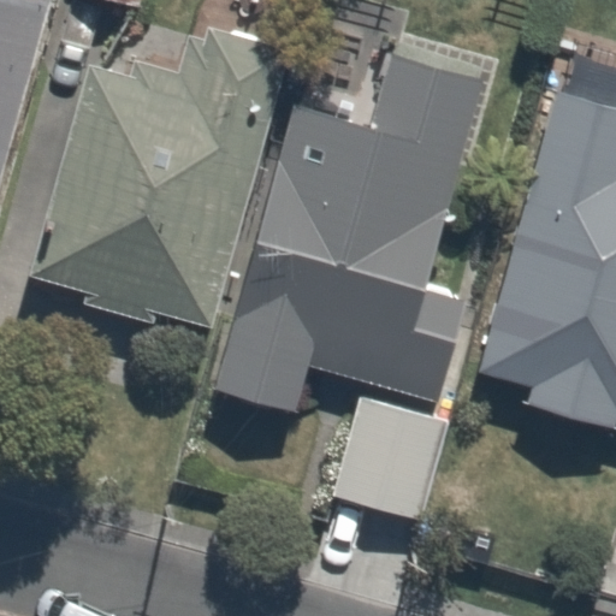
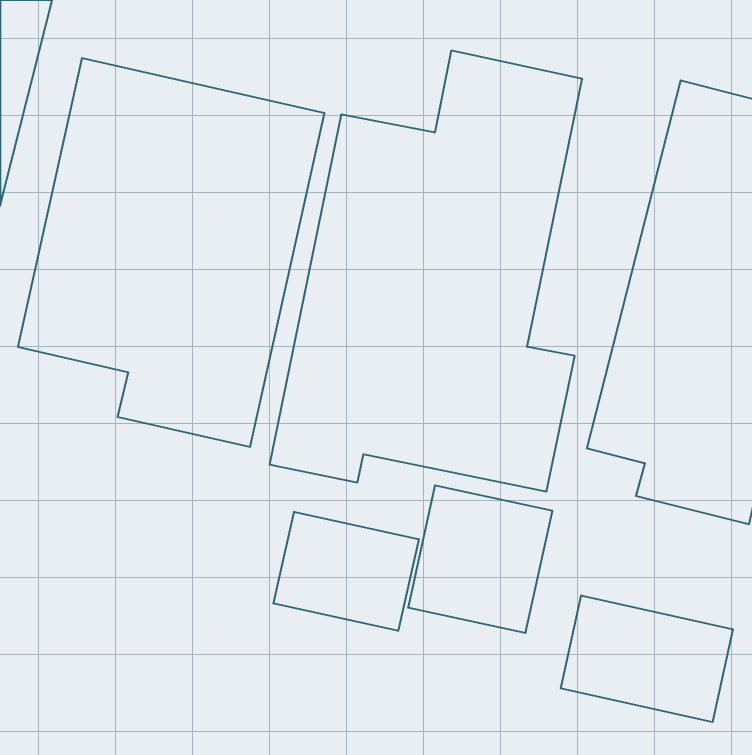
building: none -> [273,512,419,631]
building: none -> [561,595,733,722]

